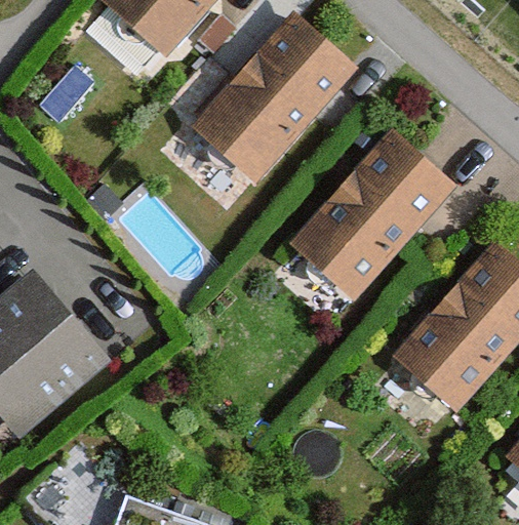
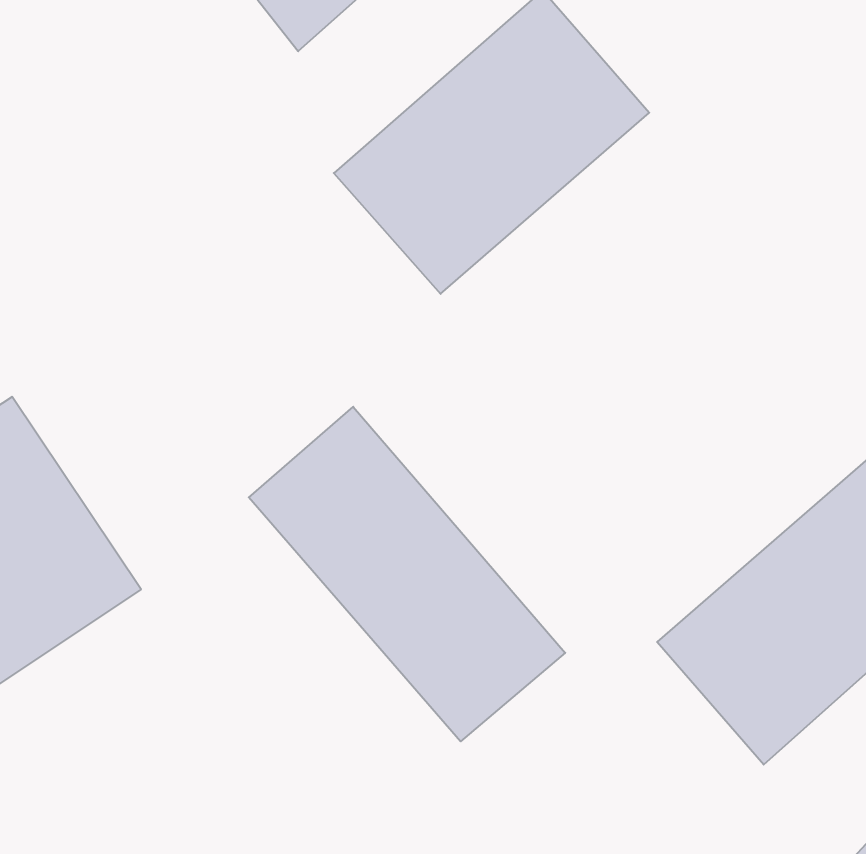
building: [287,128,452,296] -> none
building: none -> [249,407,565,741]

